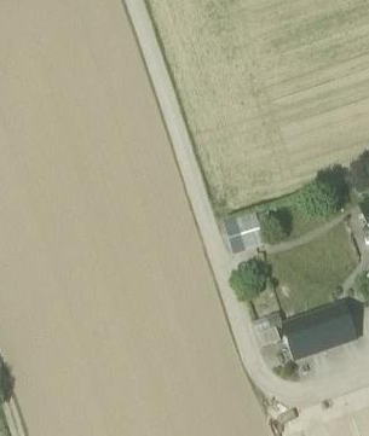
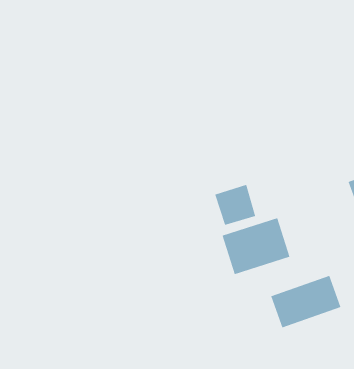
building: none -> [222,217,290,275]

